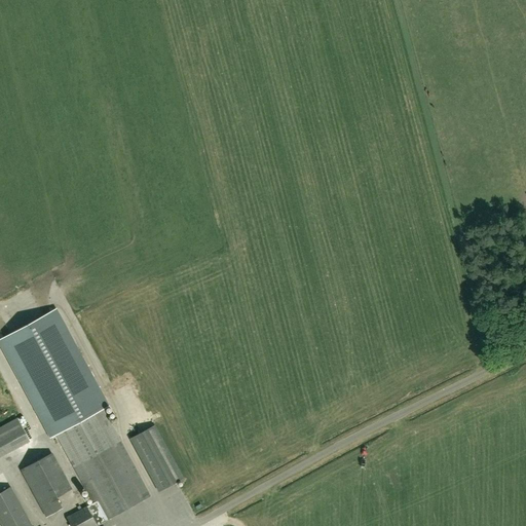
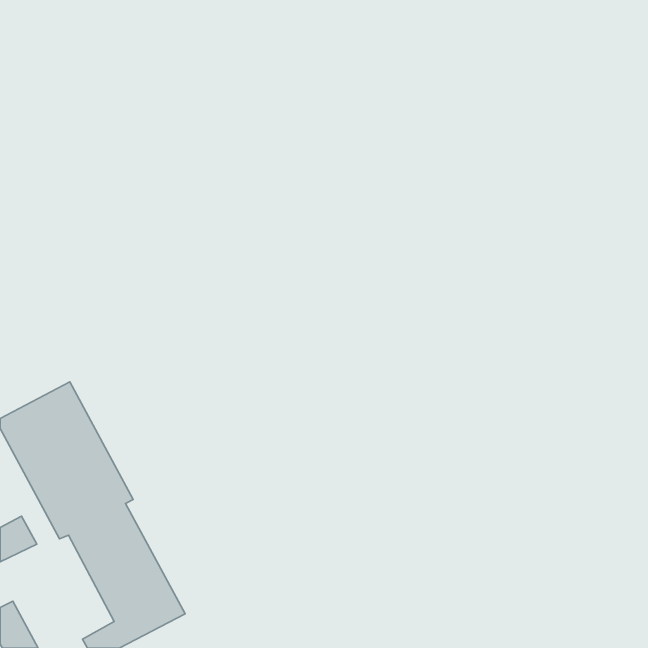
building: [130,425,183,492] -> none
building: [21,453,72,517] -> none

